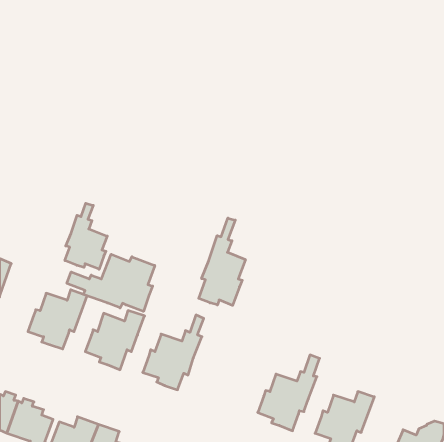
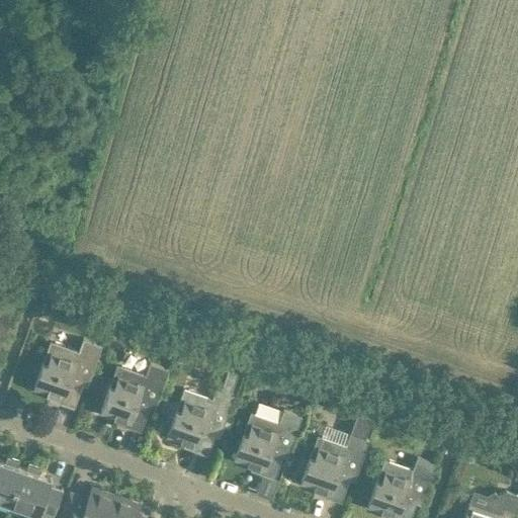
building: [65,203,107,269] -> none
building: [199,218,245,305] -> none
building: [67,254,155,311] -> none
building: none -> [233,411,301,480]

